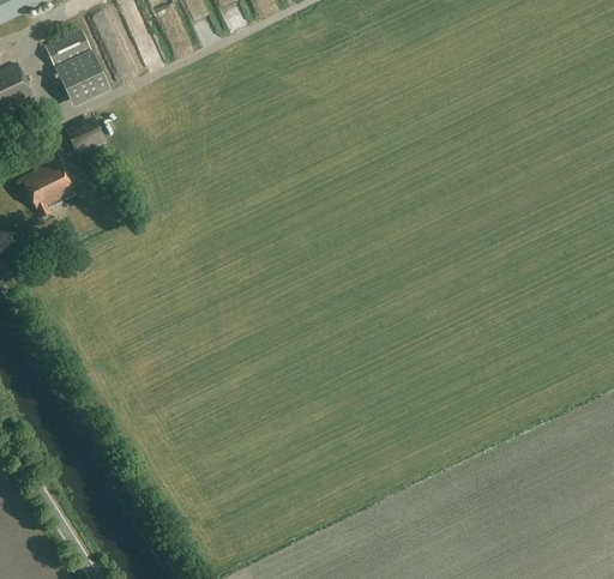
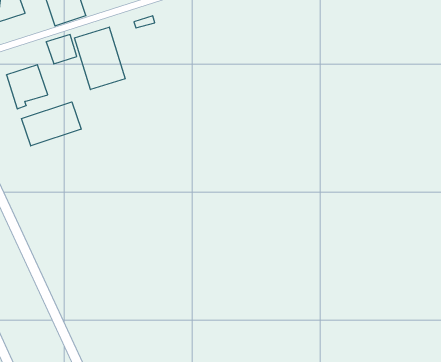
building: none -> [74,27,125,90]
building: none -> [21,102,81,146]

